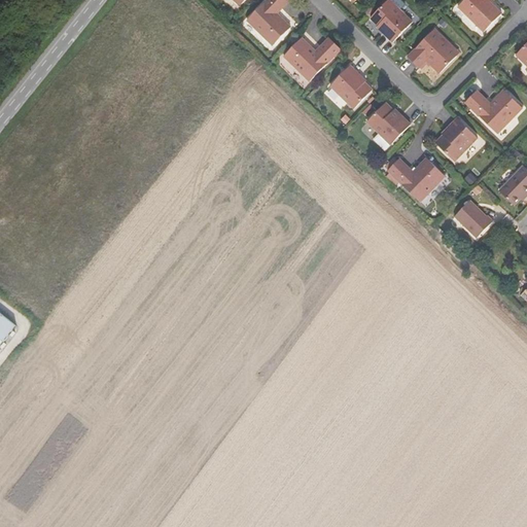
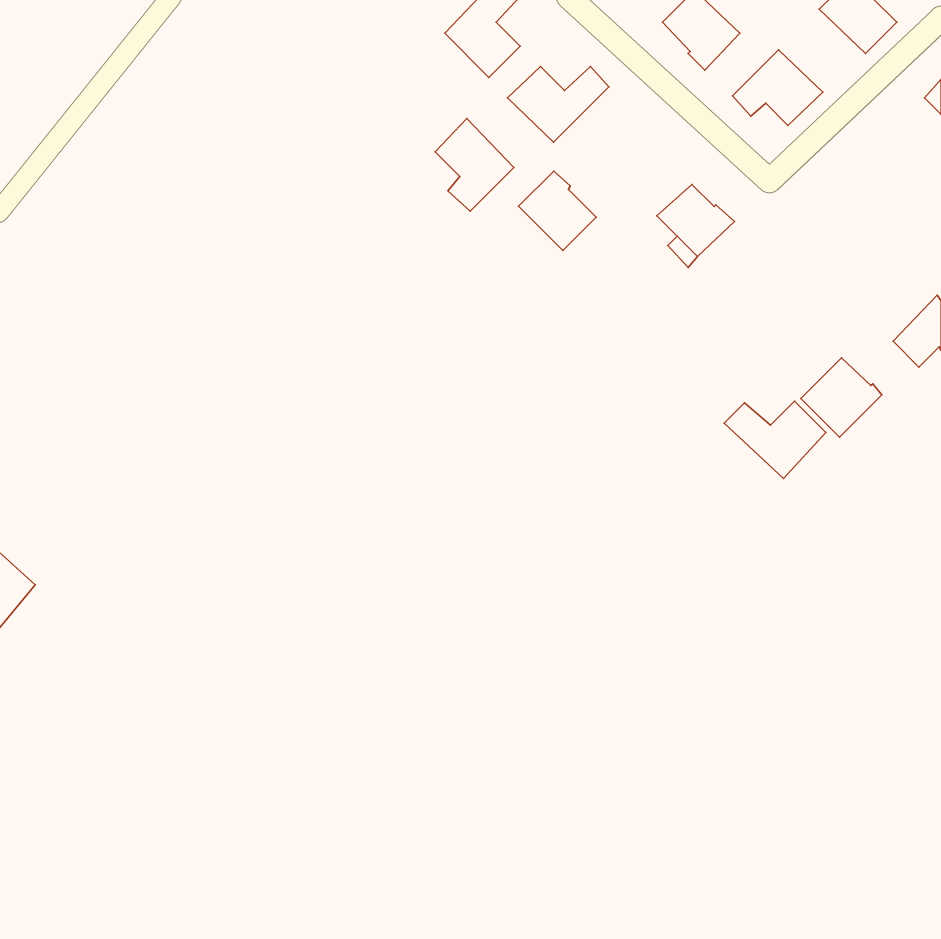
building: [329,65,373,109] -> [519,171,596,250]
building: none -> [435,119,514,211]
building: [465,90,521,132] -> none
building: [435,117,477,160] -> none
building: [387,157,444,201] -> [724,401,826,479]

